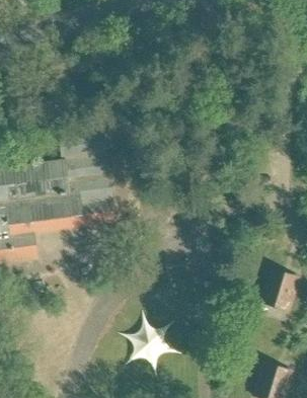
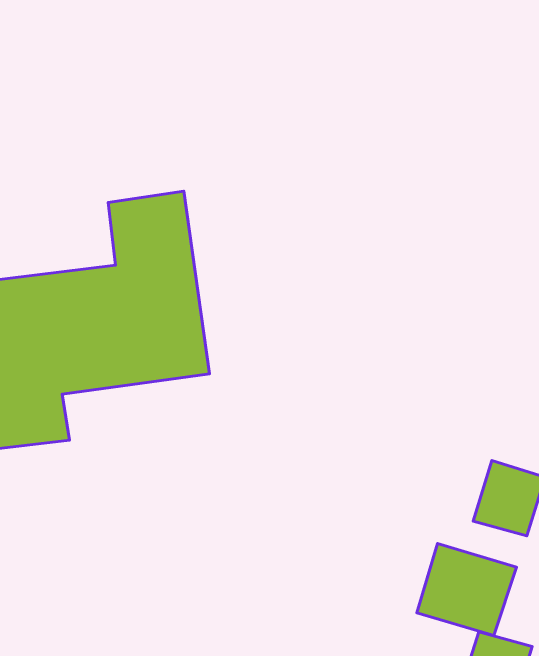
building: none -> [417,543,516,635]

